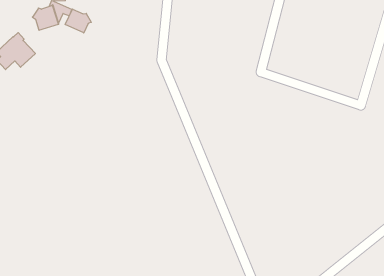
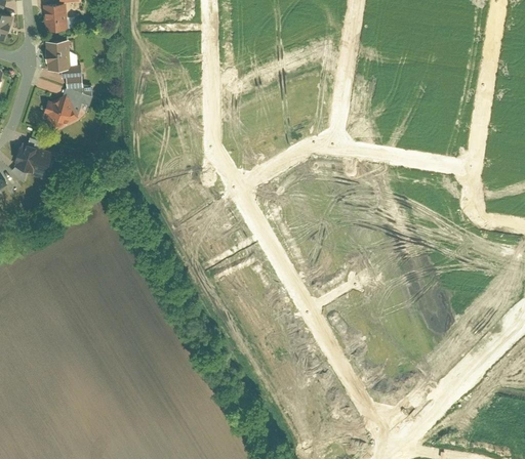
building: [65,9,91,33] -> none

